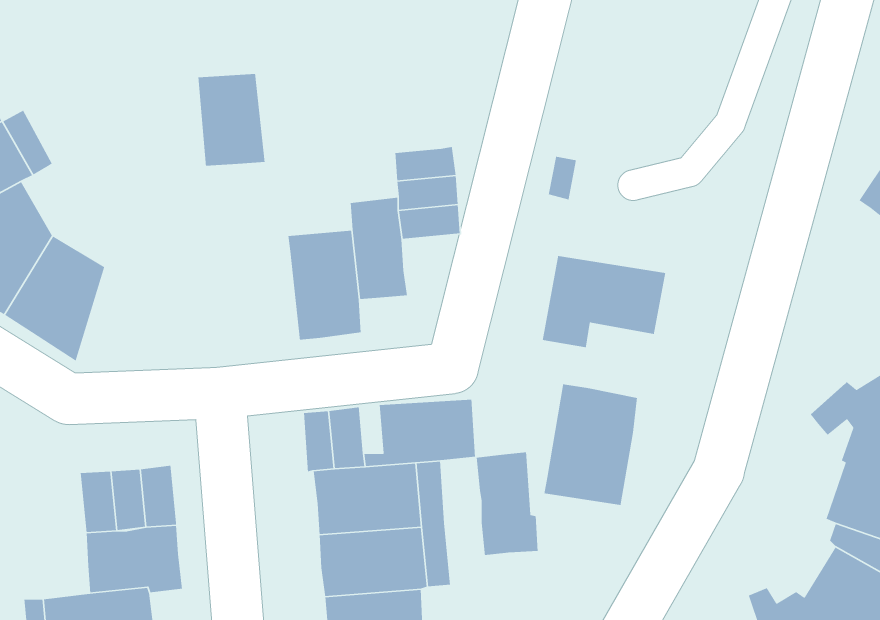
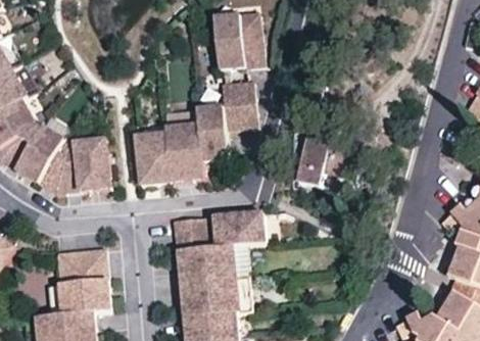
building: none -> [214,11,273,68]
building: [197,73,265,166] -> [136,135,172,184]
building: none -> [54,139,110,193]
building: [543,384,638,506] -> none
building: [476,451,538,556] -> none

